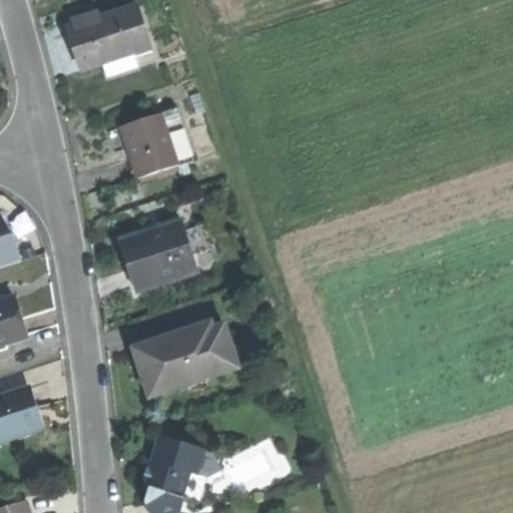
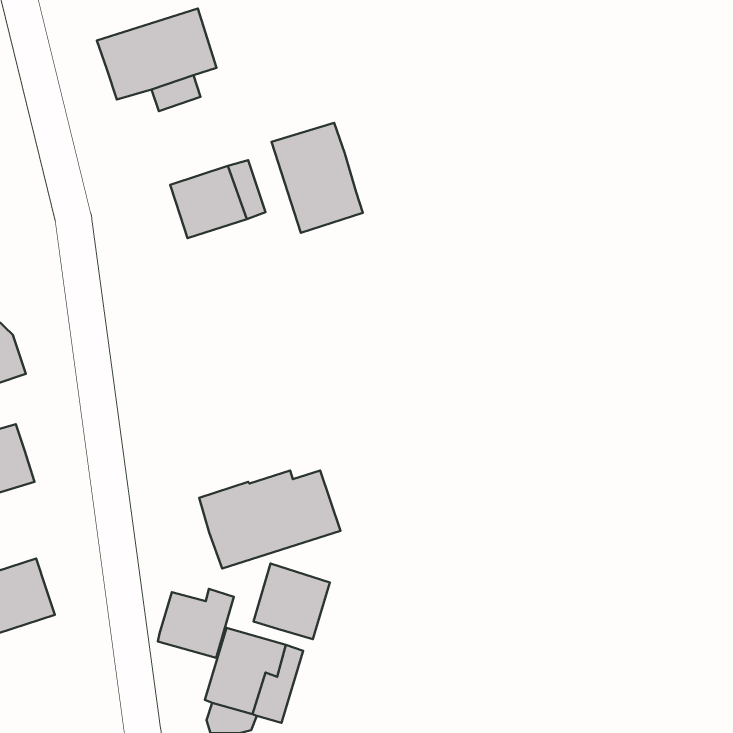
building: none -> [271,123,363,233]
building: [117,220,195,291] -> none
building: none -> [254,563,330,639]
building: none -> [158,589,234,658]

